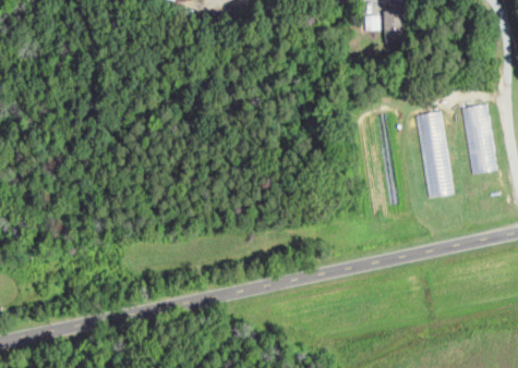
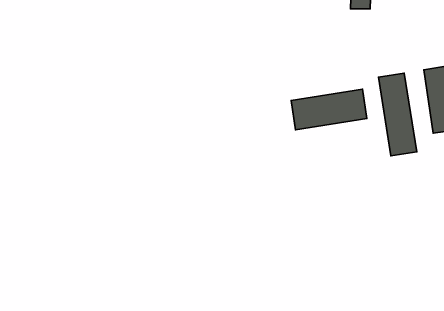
building: none -> [291,89,367,130]

